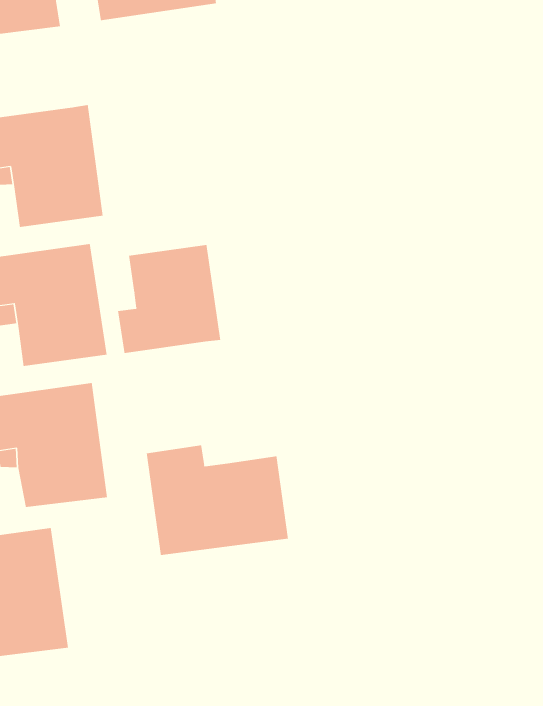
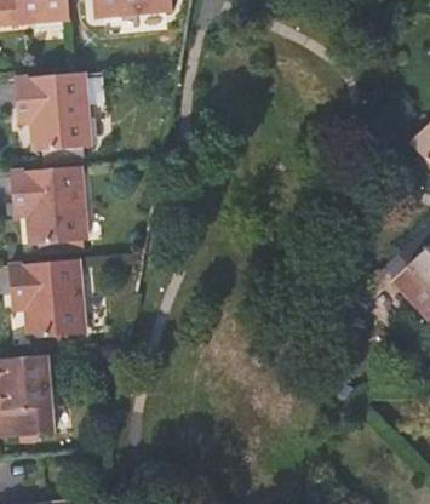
building: [118,244,221,354] -> none
building: [146,444,289,556] -> none

